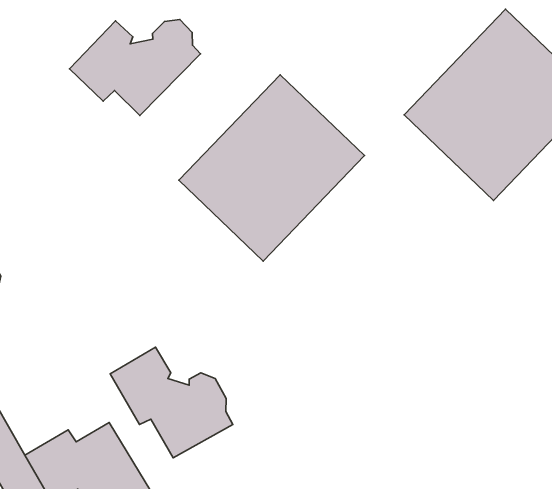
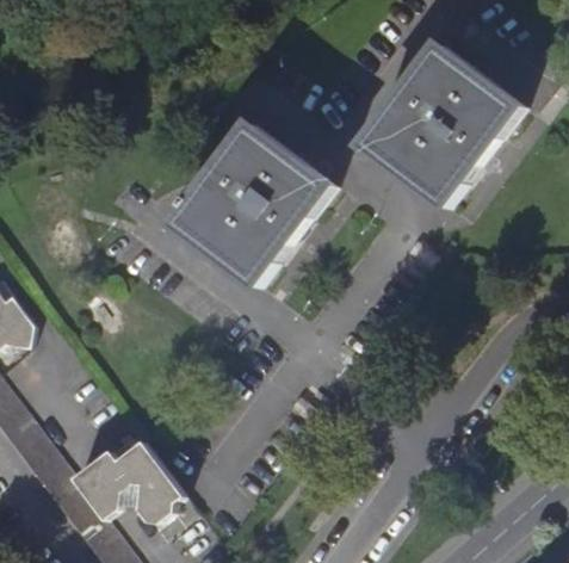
building: [70,20,200,115] -> none
building: [110,347,233,458] -> none

